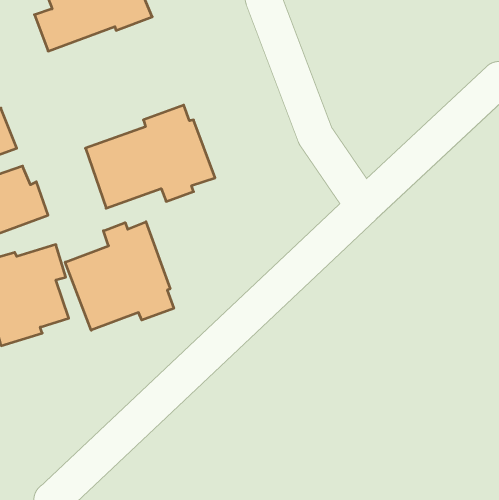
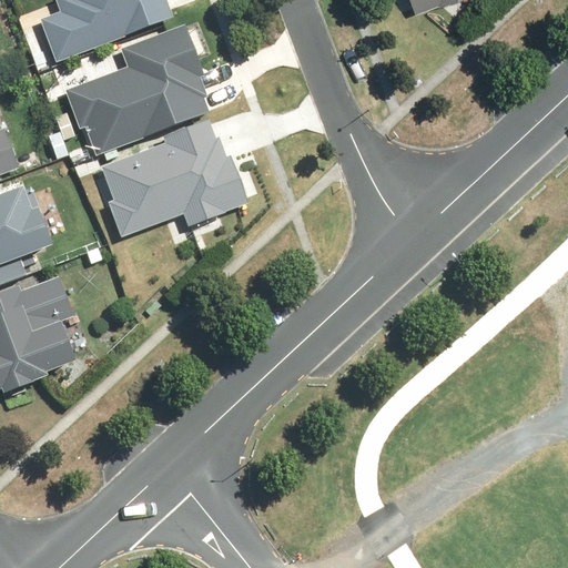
building: none -> [63,26,211,150]
building: [65,222,174,330] -> none

